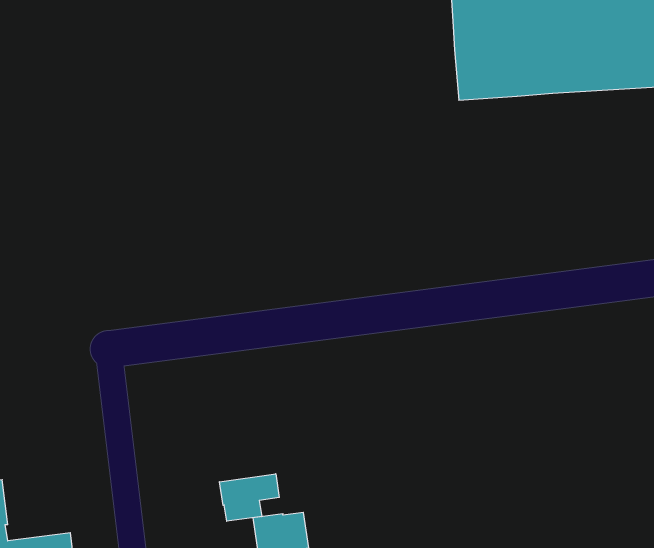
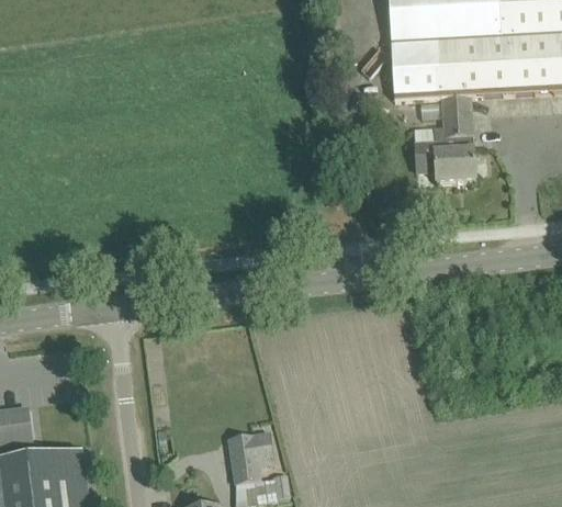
building: none -> [415,94,475,181]
building: [219,474,279,521] -> none

